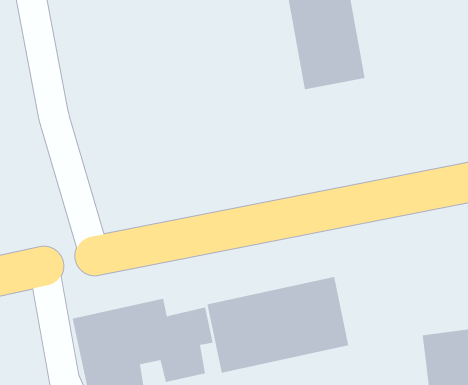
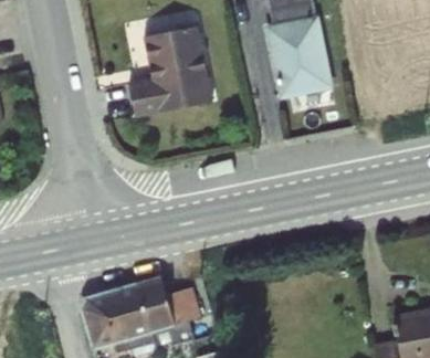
building: none -> [126,28,210,119]
building: [207,276,349,373] -> none

